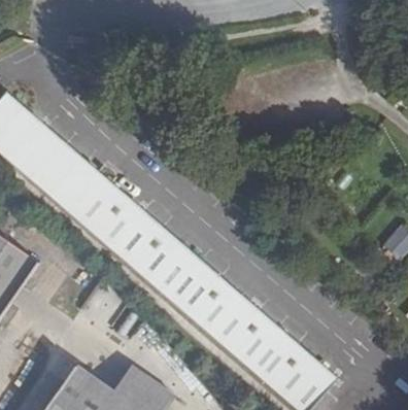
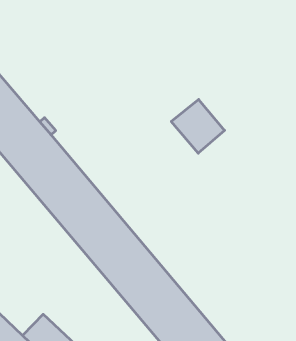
building: none -> [171,99,225,153]

